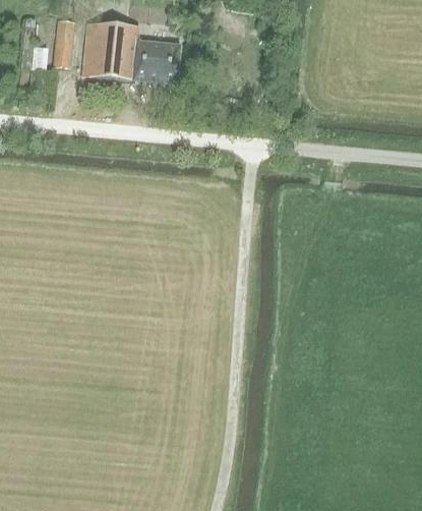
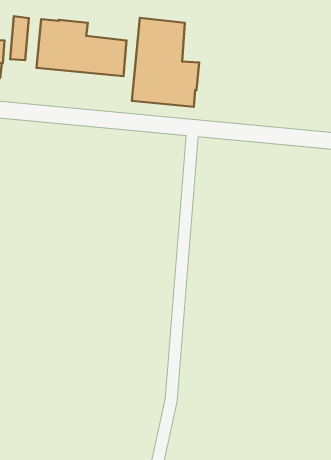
building: none -> [132,18,199,107]

